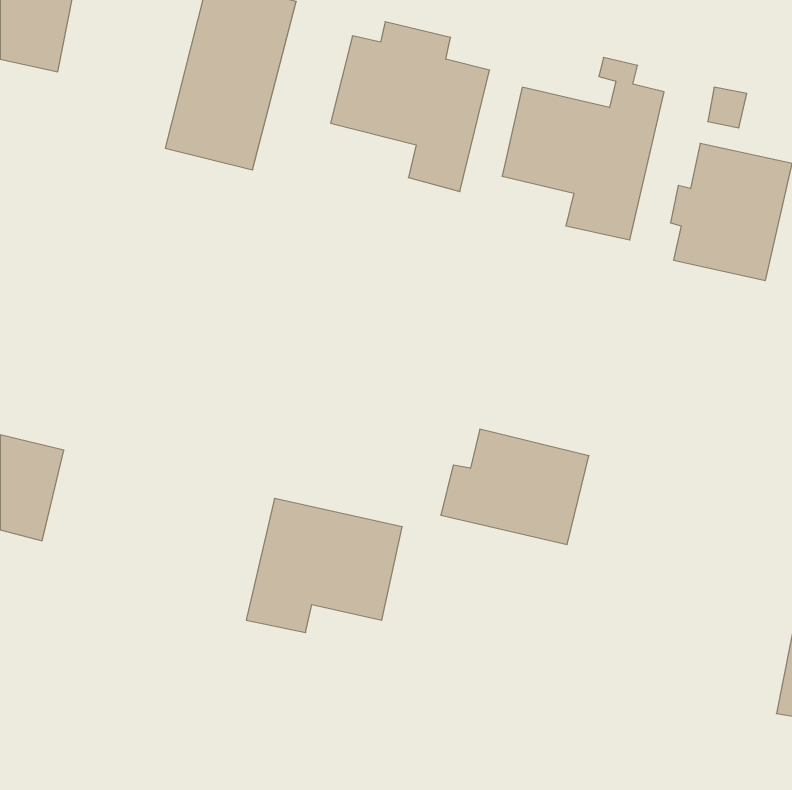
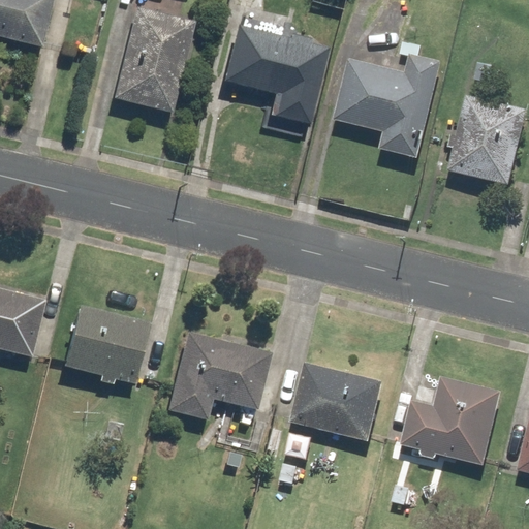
building: [441,429,589,545] -> [289,365,387,441]
building: none -> [61,305,149,384]
building: none -> [392,376,502,465]

